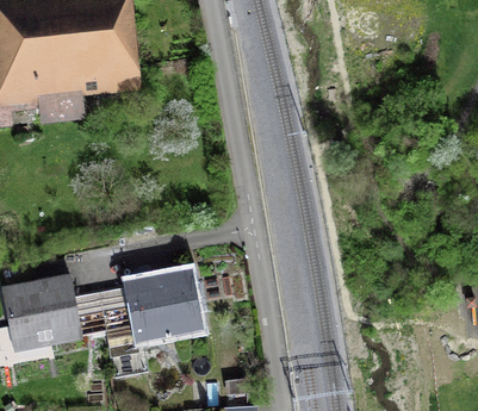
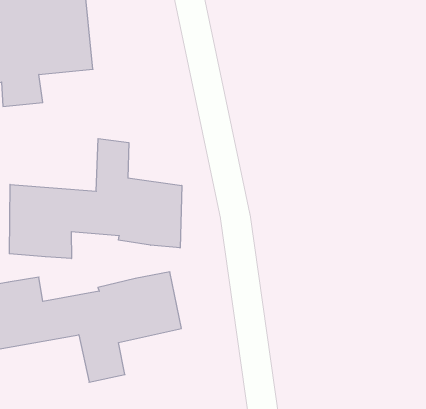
building: none -> [9,139,182,259]

